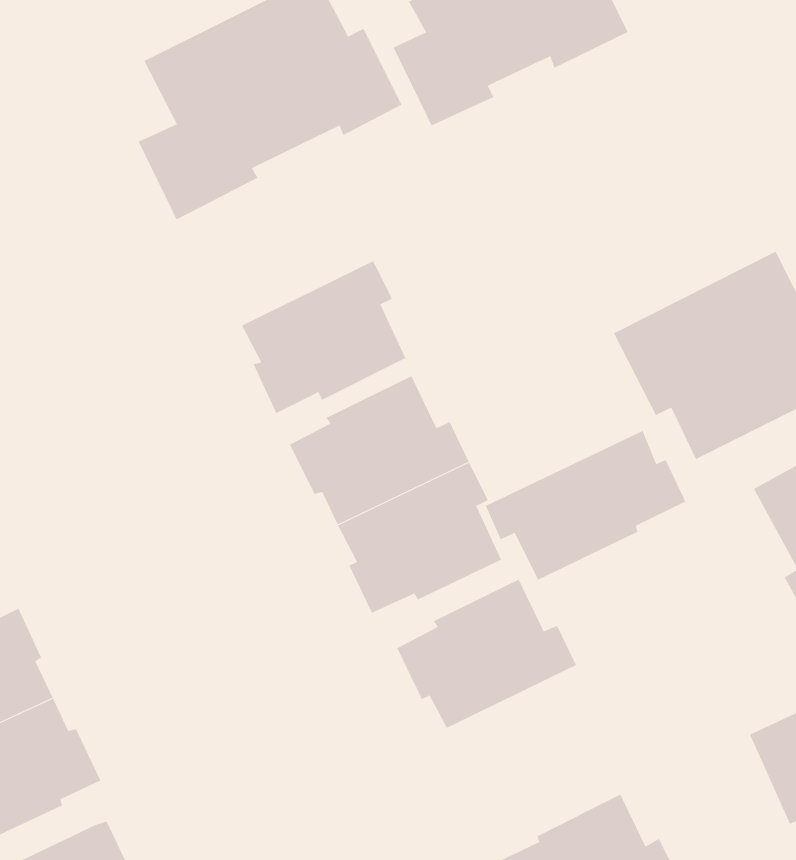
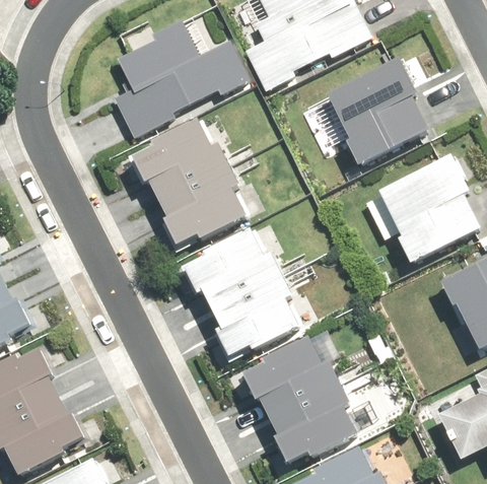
building: none -> [321,61,423,169]
building: none -> [138,119,233,198]
building: [485,430,686,580] -> none
building: none -> [272,377,359,458]

